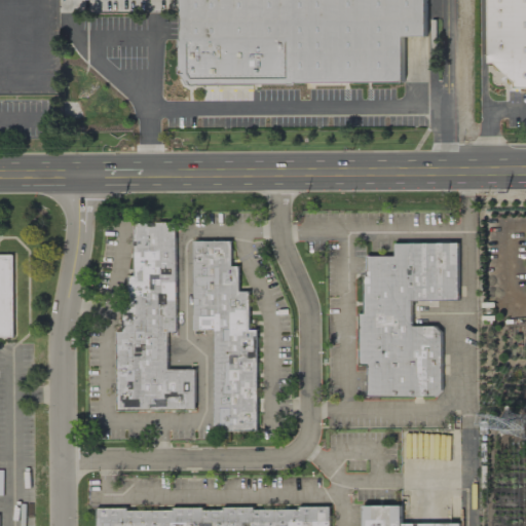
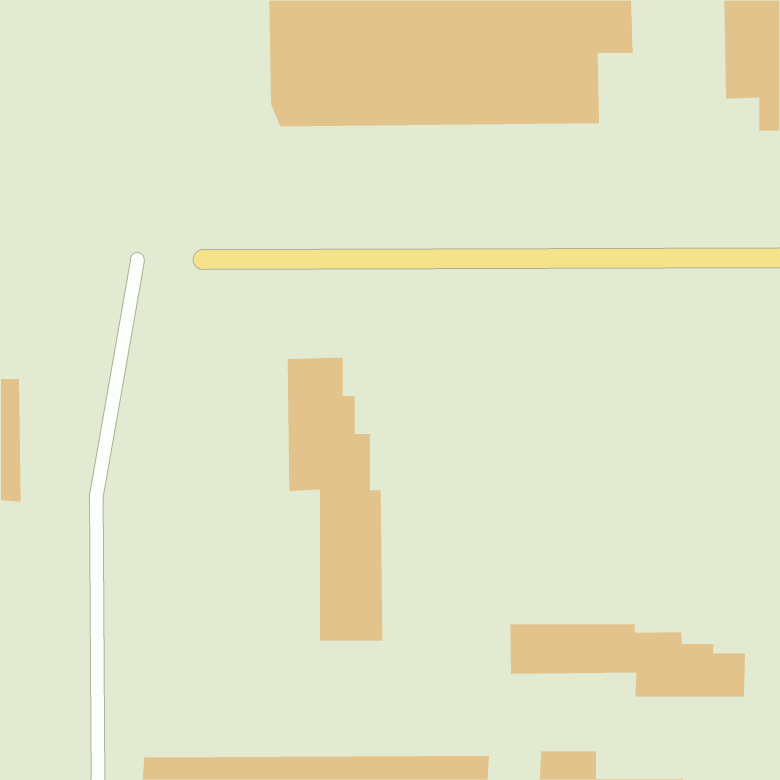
building: [117,223,196,411] -> none
building: [360,243,458,397] -> none
building: none -> [510,624,745,697]

